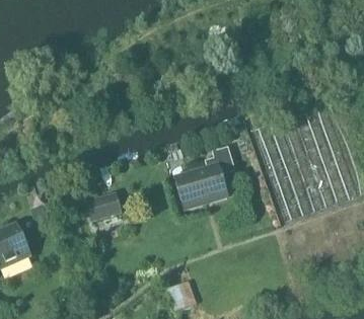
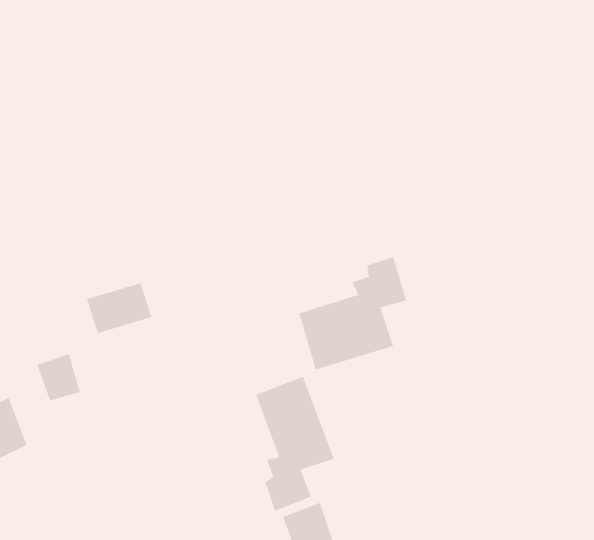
building: [84,191,121,220] -> [86,282,152,334]
building: none -> [256,376,334,511]

